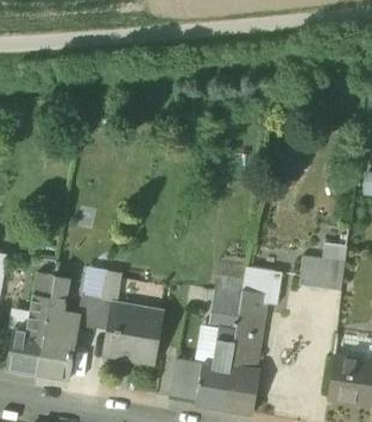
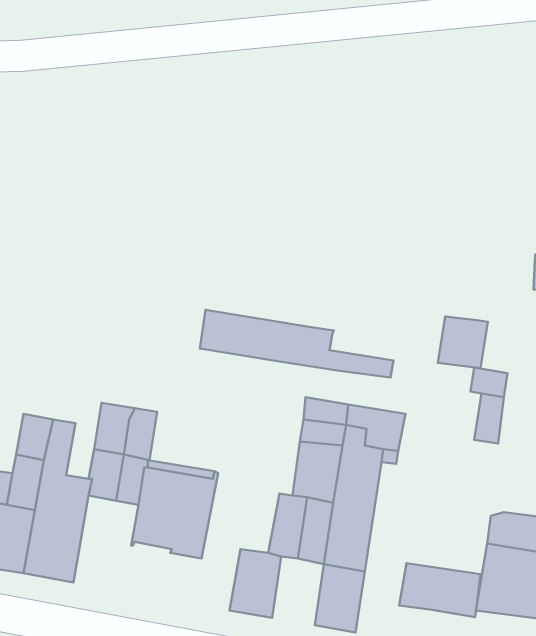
building: none -> [200,310,394,378]
building: [298,257,330,290] -> [438,316,488,368]
building: [196,365,229,409] -> none
building: none -> [399,563,480,617]

